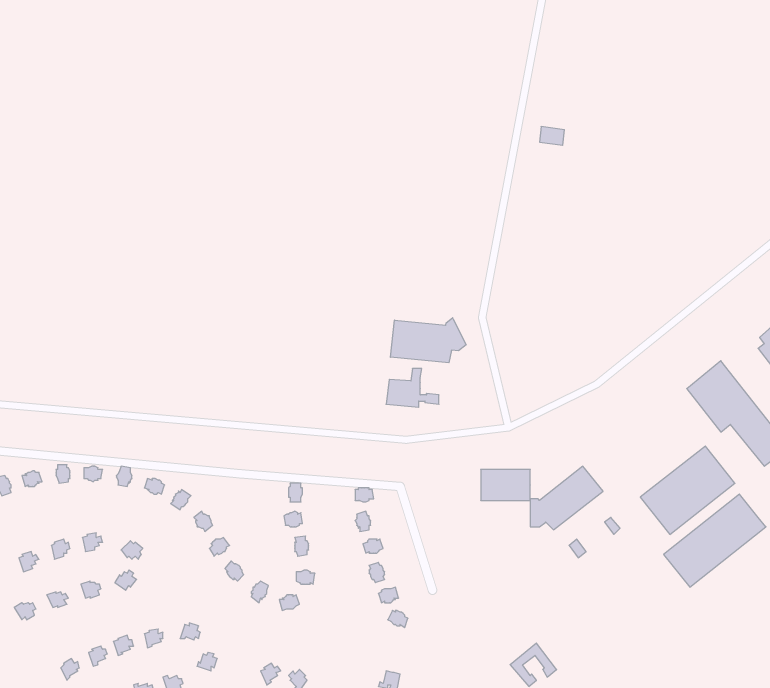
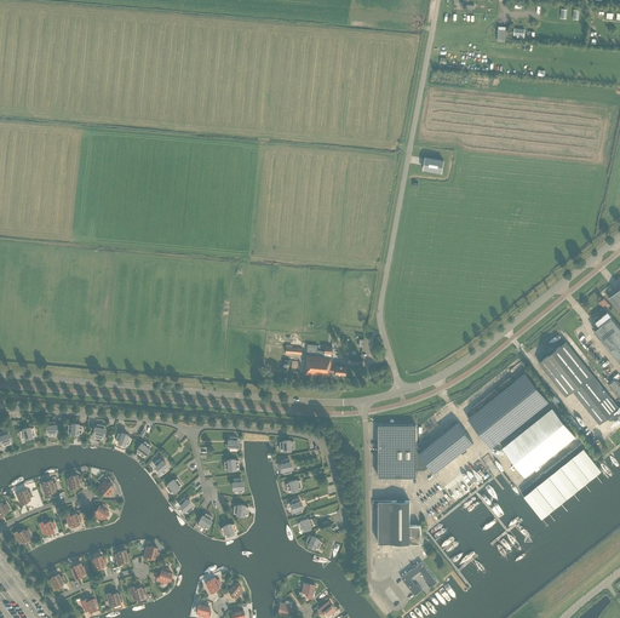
building: [390,318,466,363] -> none
building: none -> [467,373,549,447]
building: none -> [378,450,417,477]
building: none -> [378,500,420,543]

